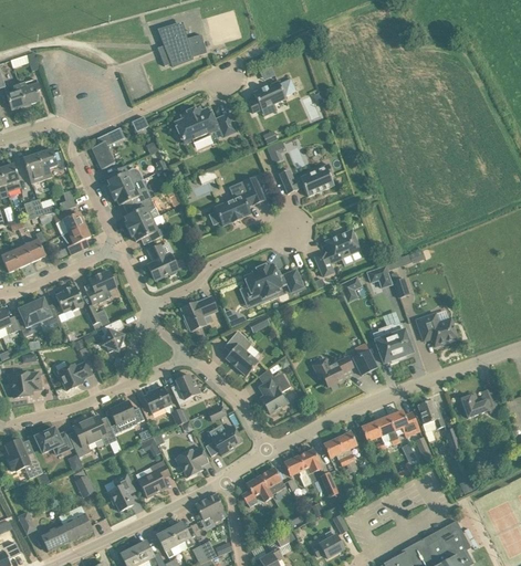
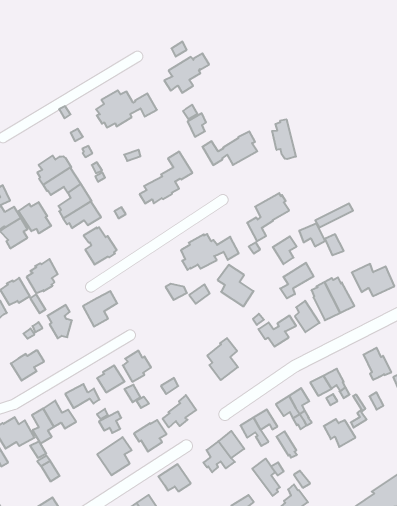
building: [156,22,206,65] -> none
building: [91,127,123,169] -> none
building: none -> [272,119,296,159]
building: none -> [19,202,51,233]
building: [180,296,216,331] -> [83,291,117,327]
building: none -> [280,263,314,298]
building: [222,332,258,376] -> [218,265,254,306]
building: [388,410,419,439] -> [324,419,355,447]
building: [106,473,133,511] -> none
building: none -> [252,459,280,496]

